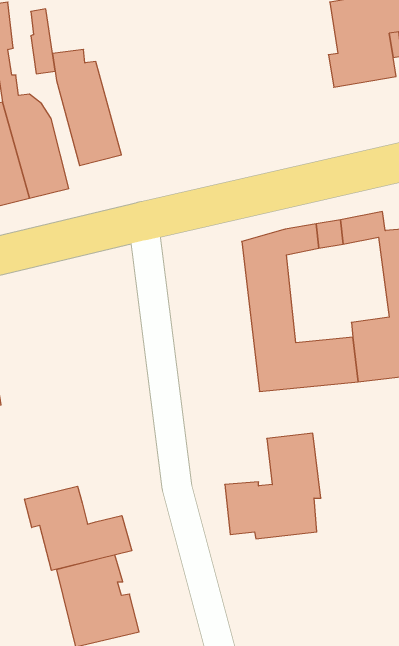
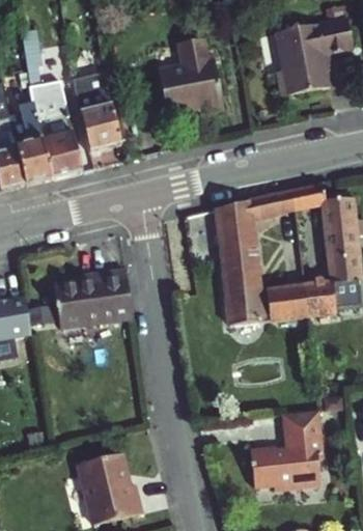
building: none -> [168,33,228,108]
building: none -> [54,268,131,326]
building: [225,433,321,539] -> [246,410,319,491]
building: [25,486,132,570] -> none

